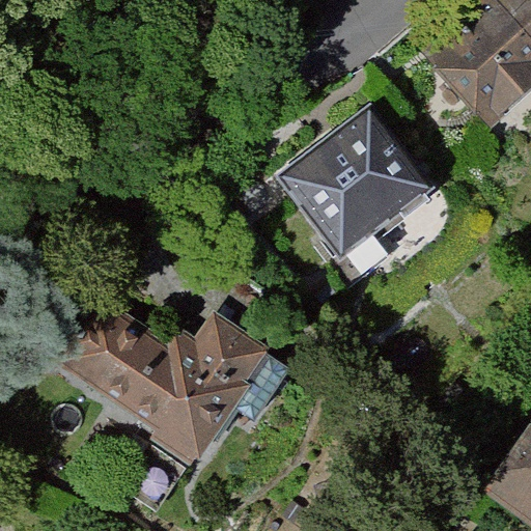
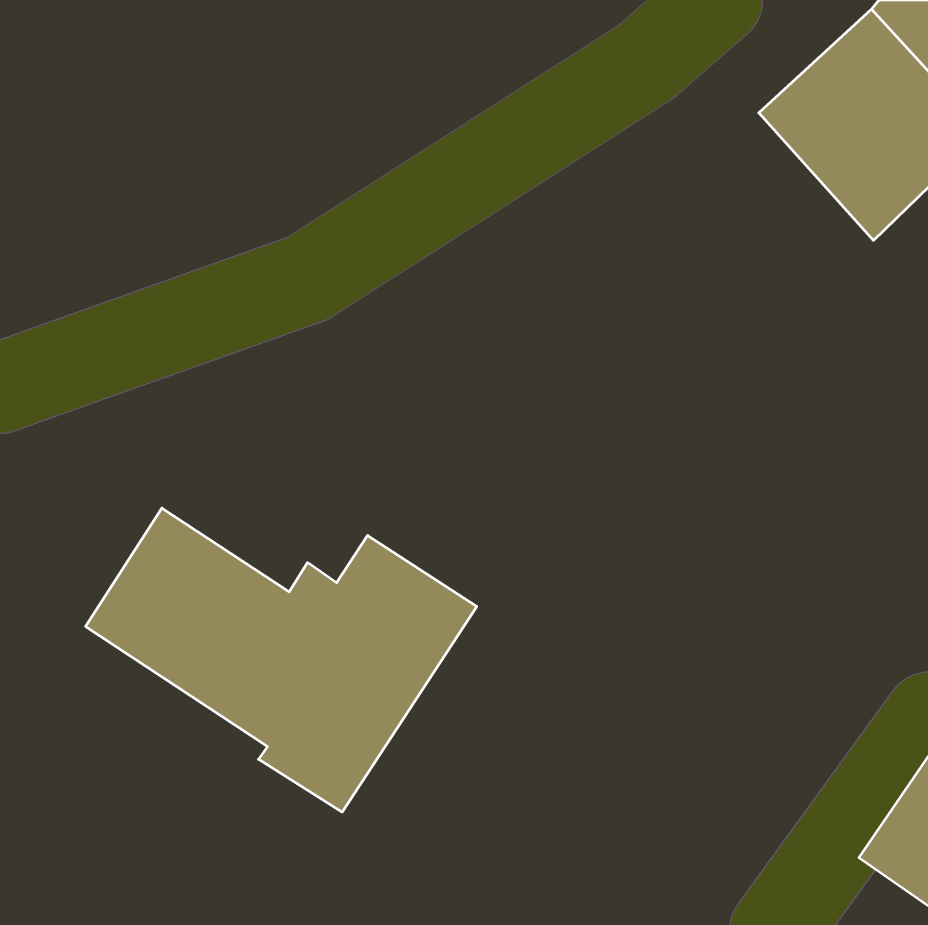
building: [277,108,430,258] -> none

